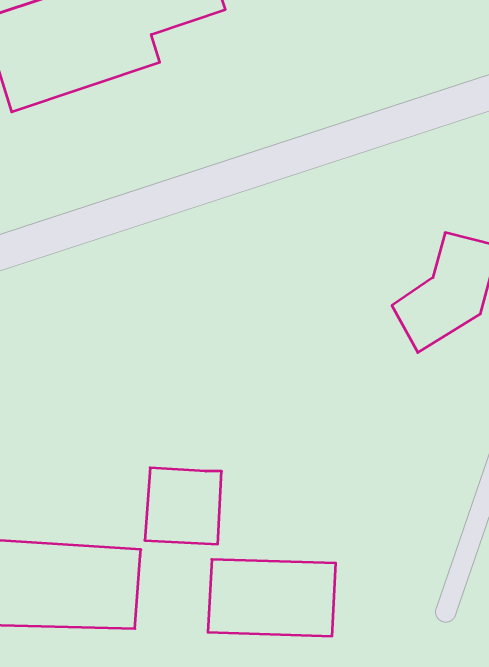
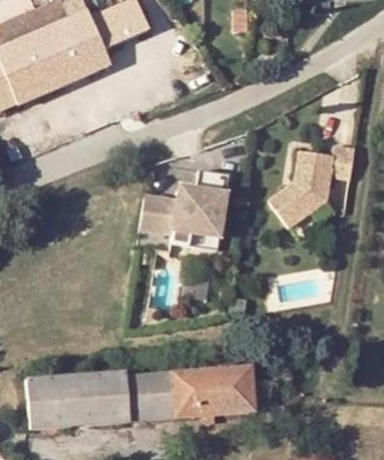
building: none -> [141,172,231,252]
building: [145,468,222,544] -> [127,373,174,421]

